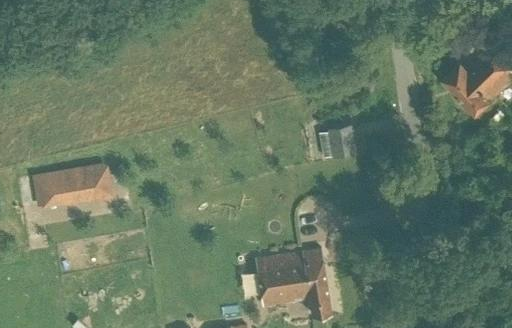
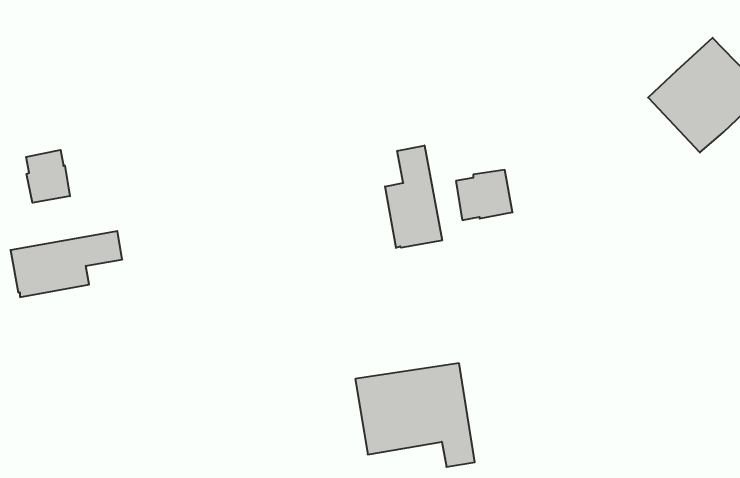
building: none -> [385,145,442,248]
building: none -> [26,150,70,203]

